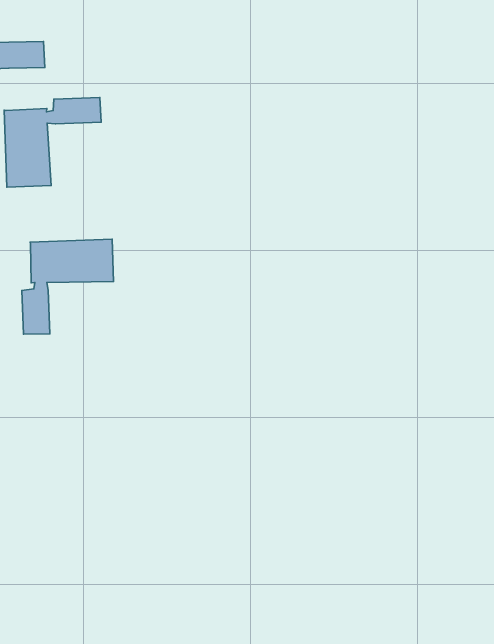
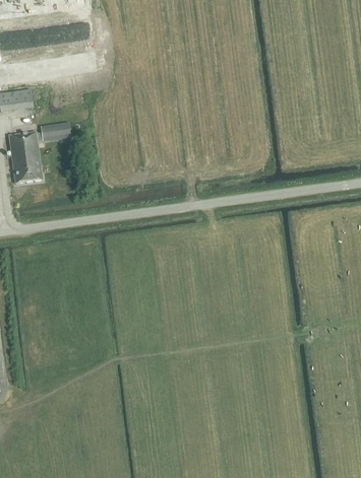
building: [22,239,114,334] -> none

